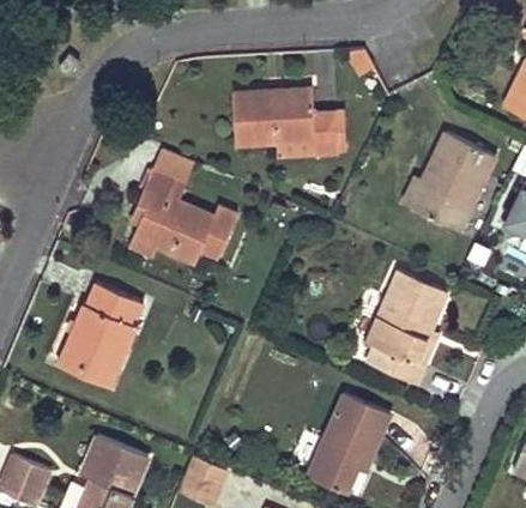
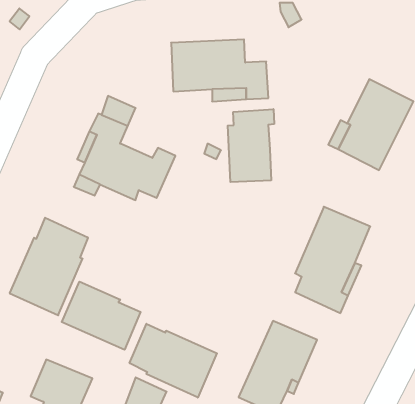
building: none -> [228,109,274,182]
building: none -> [62,282,141,350]
building: none -> [130,324,217,398]

